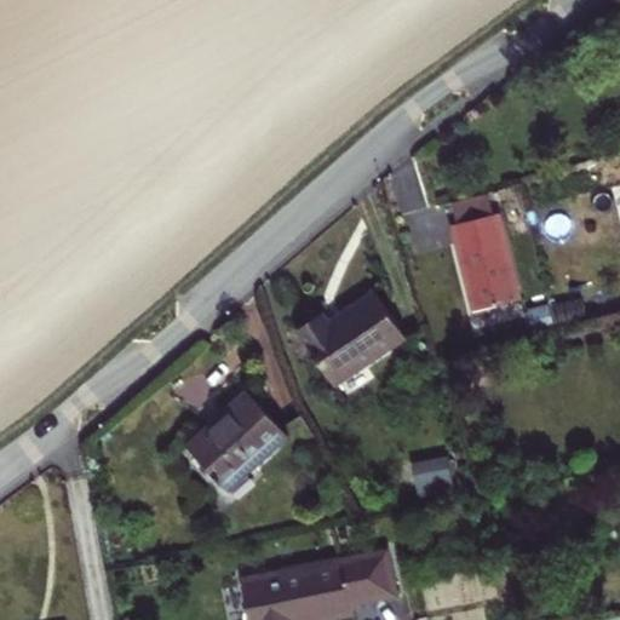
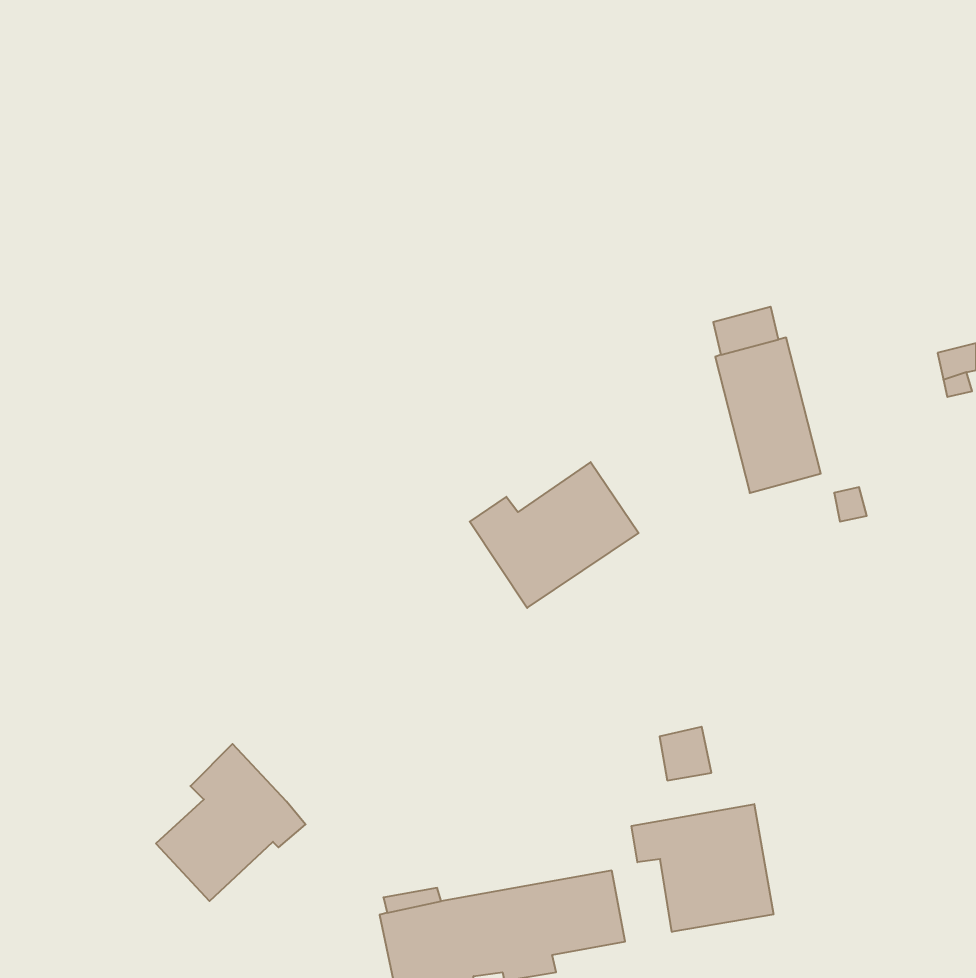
building: [195,392,289,492] -> [156,744,306,901]
building: none -> [632,804,773,932]

